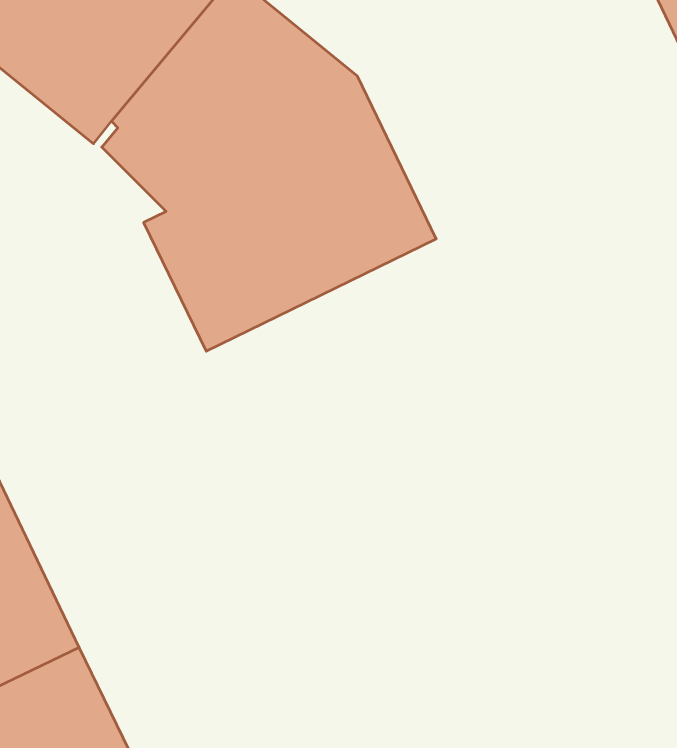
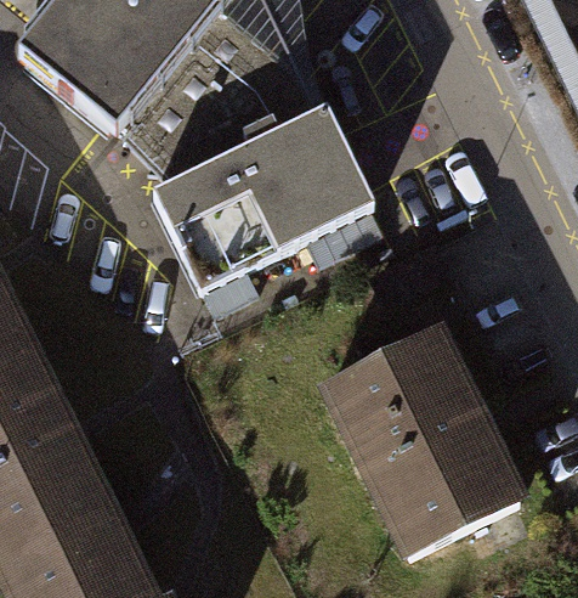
building: none -> [332,337,517,552]

